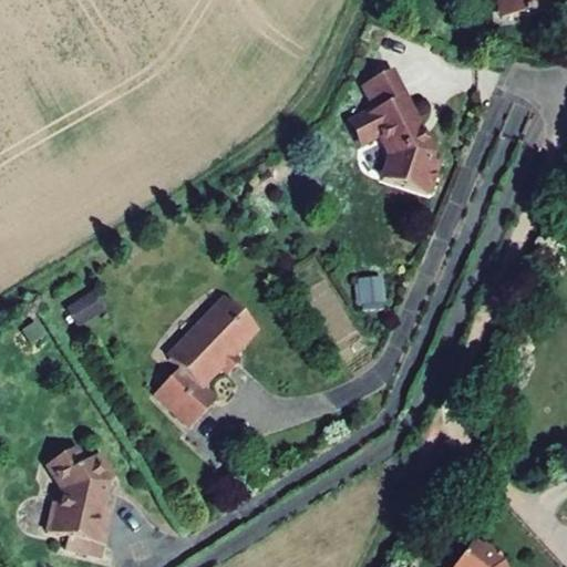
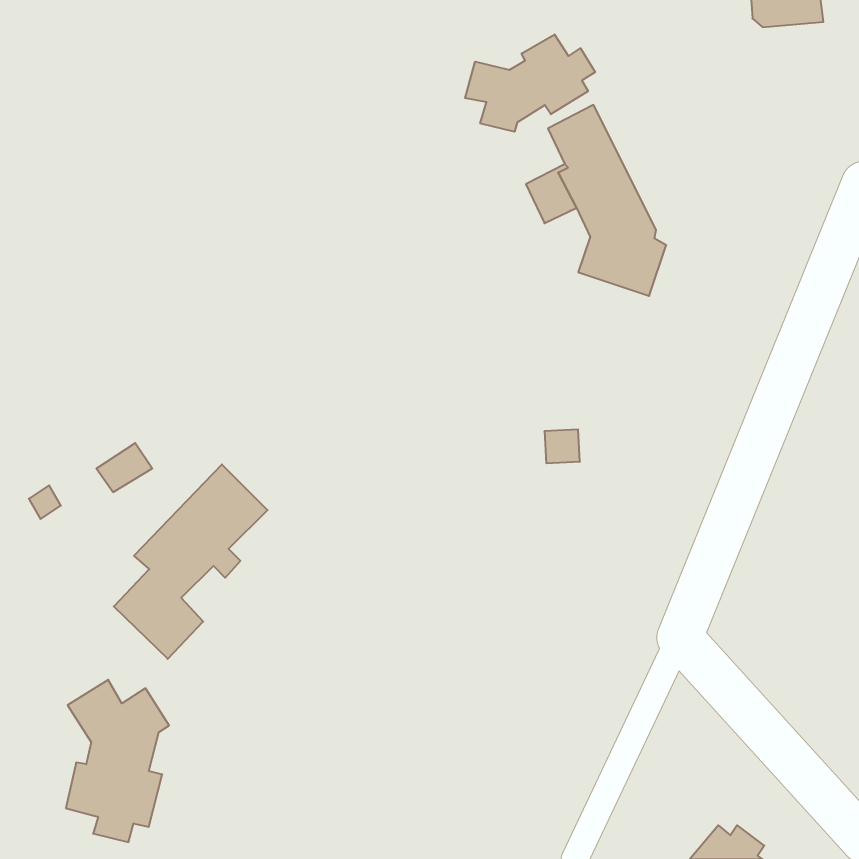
building: none -> [465,34,595,132]
building: [155,297,256,424] -> [114,464,268,659]

